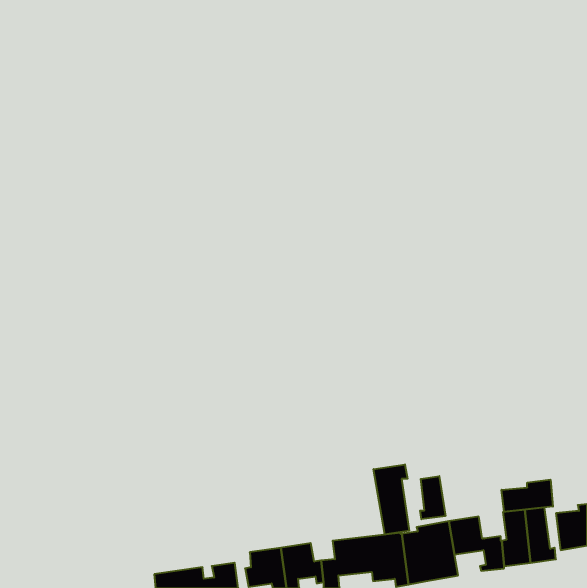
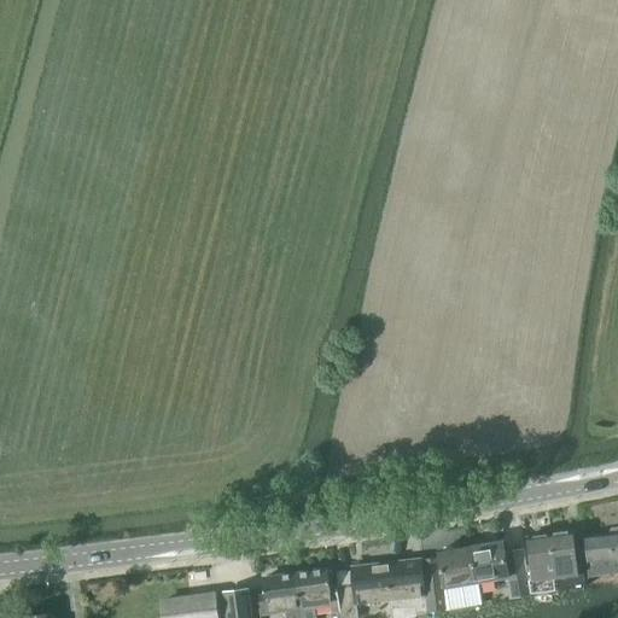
building: [374,464,409,535] -> none
building: [420,476,445,519] -> none
building: [502,480,553,512] -> none

